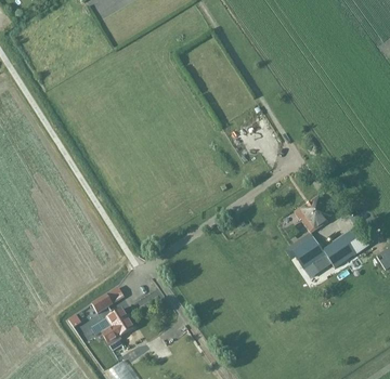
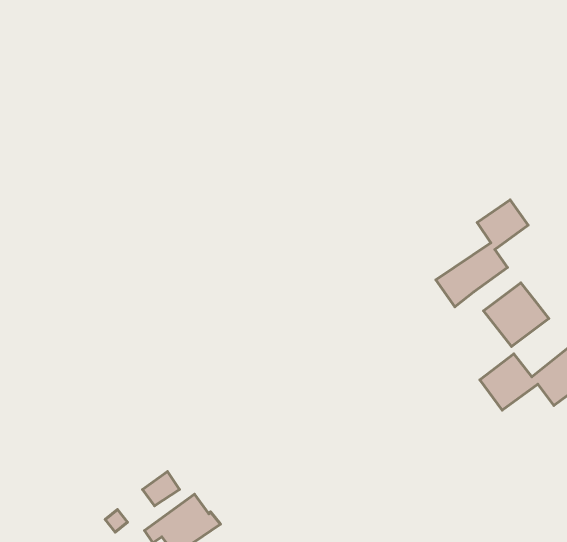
building: none -> [436,200,528,307]

